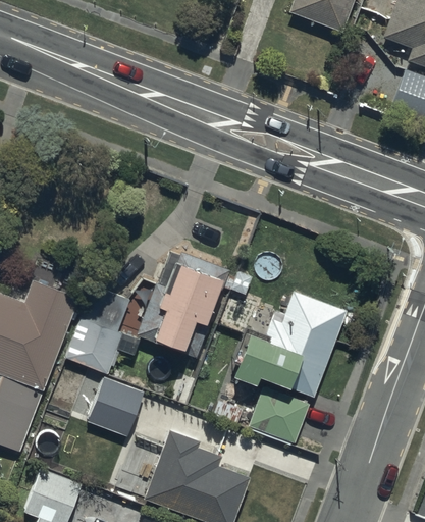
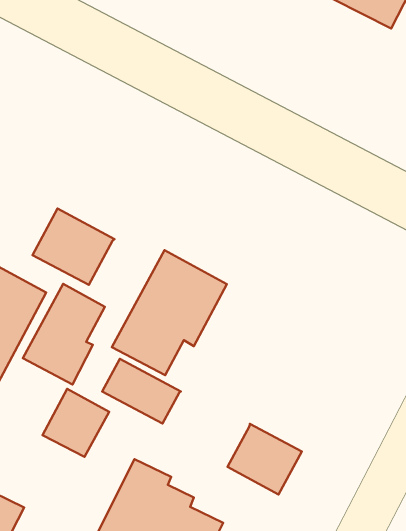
building: none -> [33,209,115,285]
building: [231,290,344,397] -> none
building: none -> [102,359,181,424]

